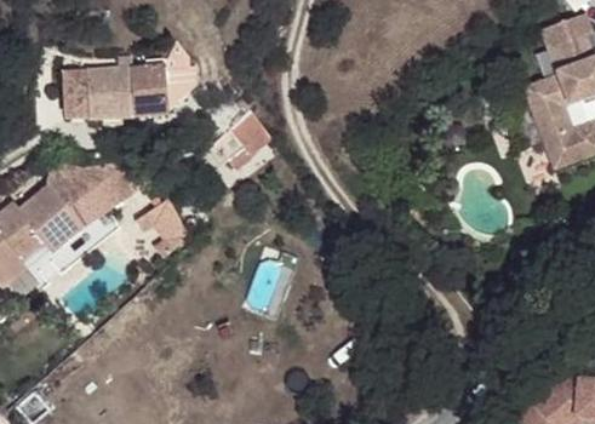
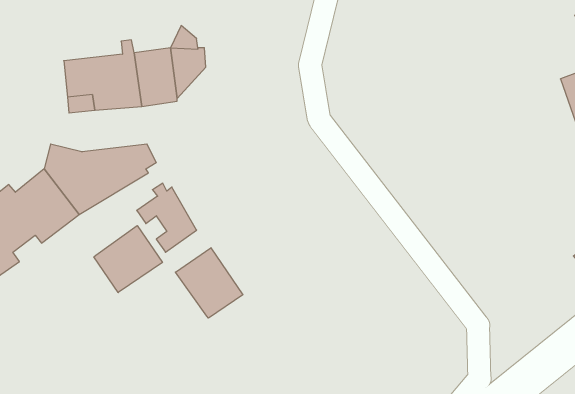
building: [210,111,274,170] -> none
building: none -> [94,226,162,293]
building: none -> [175,248,243,318]

